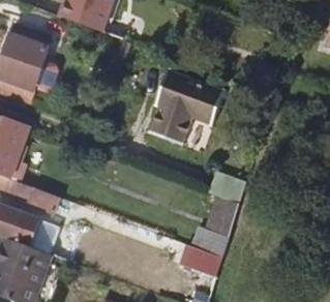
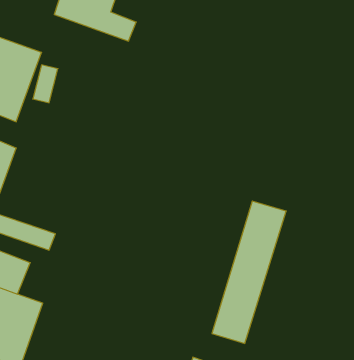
building: [152,69,223,137] -> none

